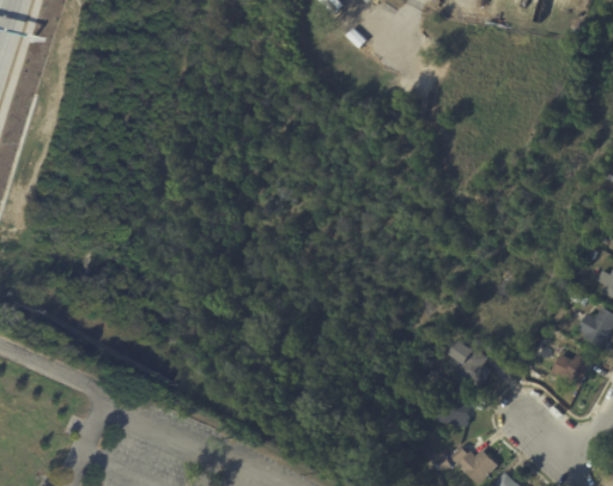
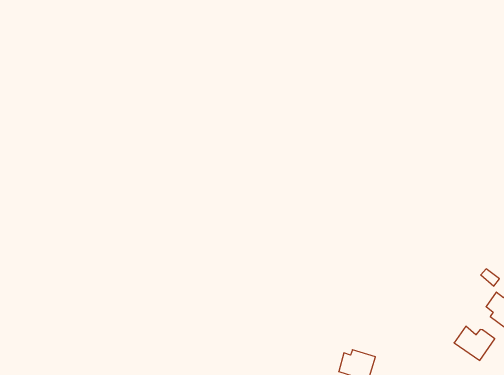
building: [443,341,491,389] -> none

